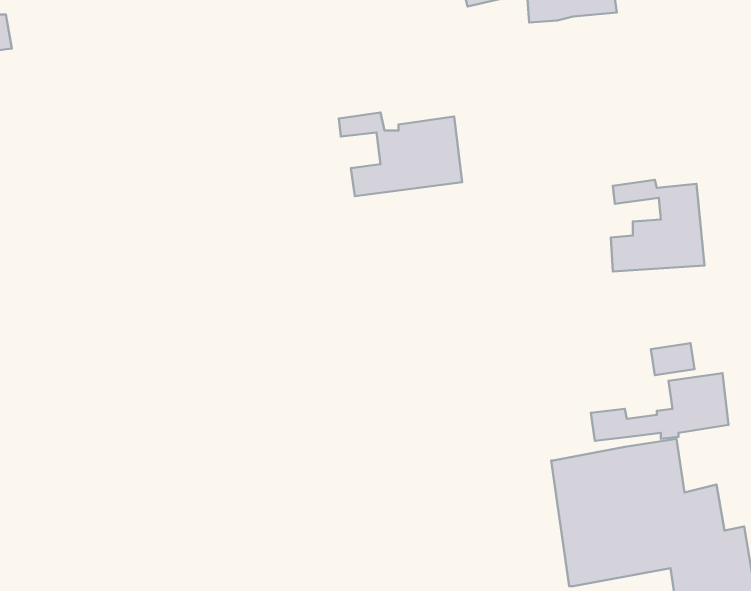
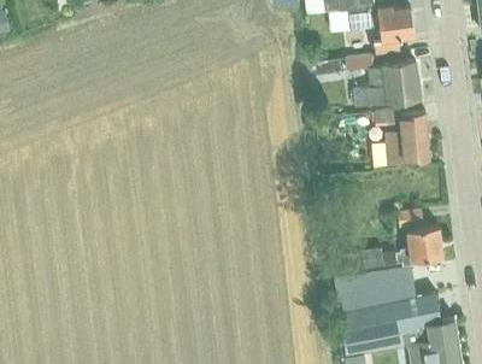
building: none -> [349,6,416,54]
building: [339,113,462,196] -> [346,57,421,107]

